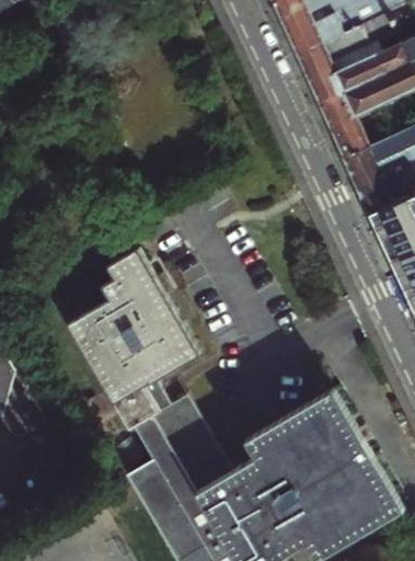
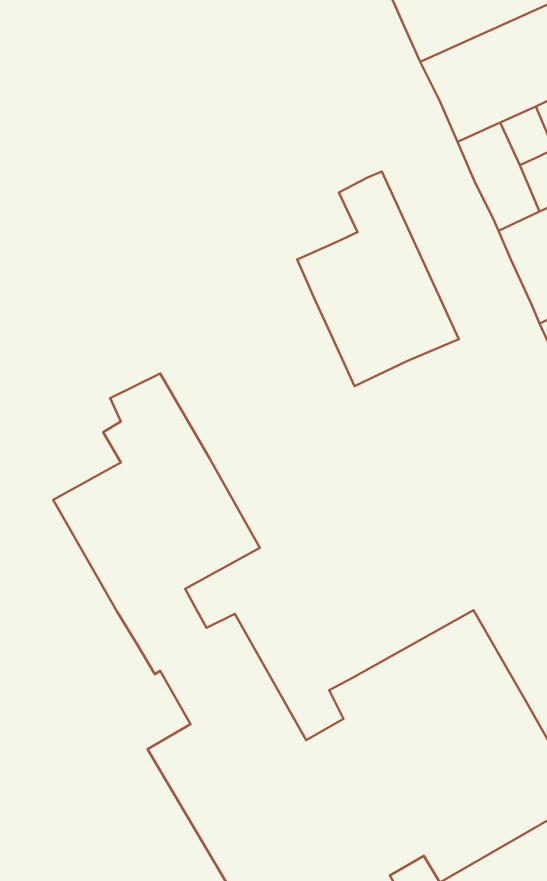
building: none -> [297,172,459,386]

